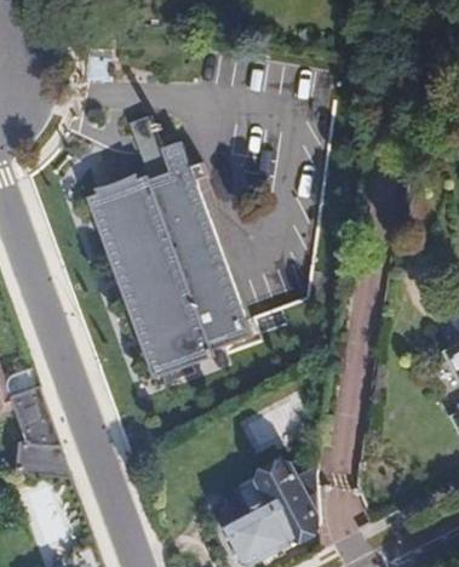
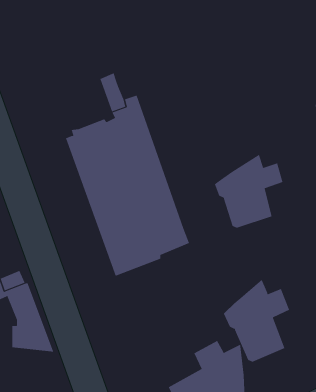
building: none -> [214,154,283,228]
building: none -> [223,279,290,363]

